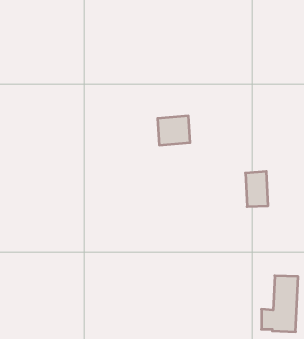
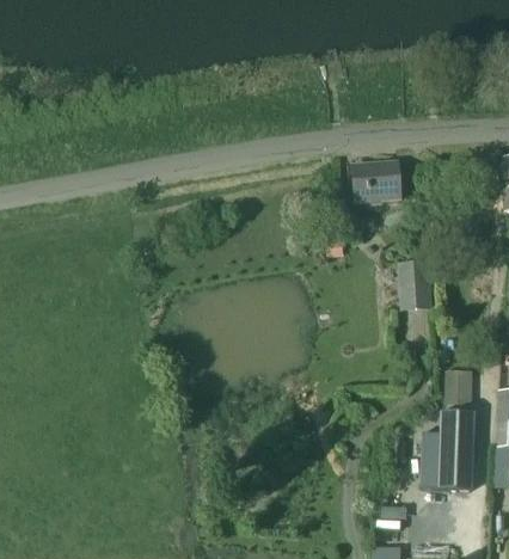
building: [158,116,190,145] -> [354,161,400,203]
building: none -> [444,369,472,404]

